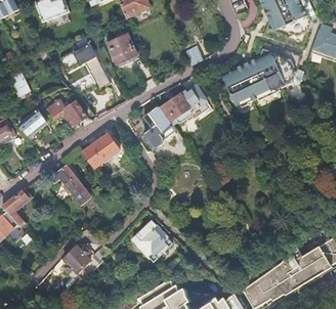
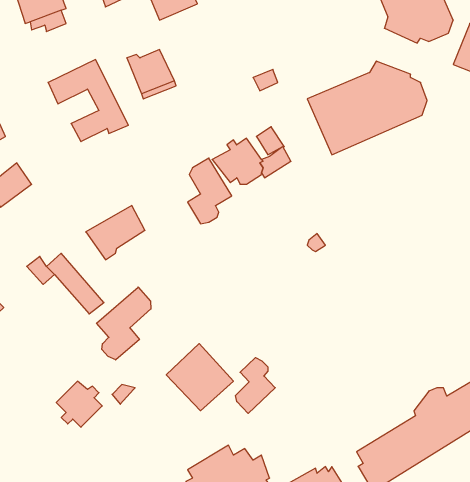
building: [46,98,86,126] -> none
building: none -> [97,287,151,360]
building: none -> [235,358,275,413]

